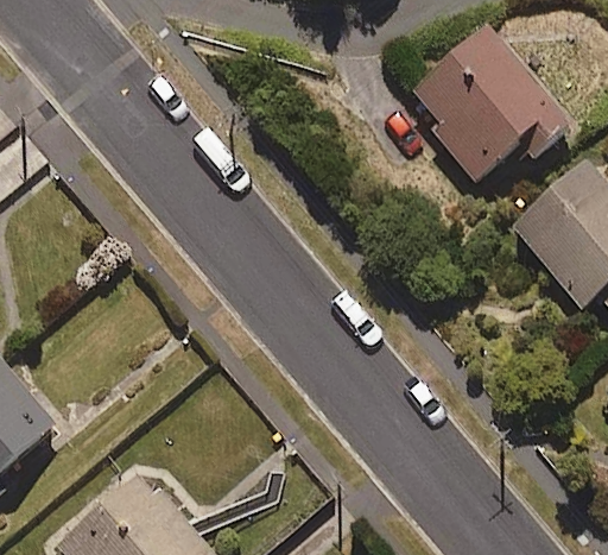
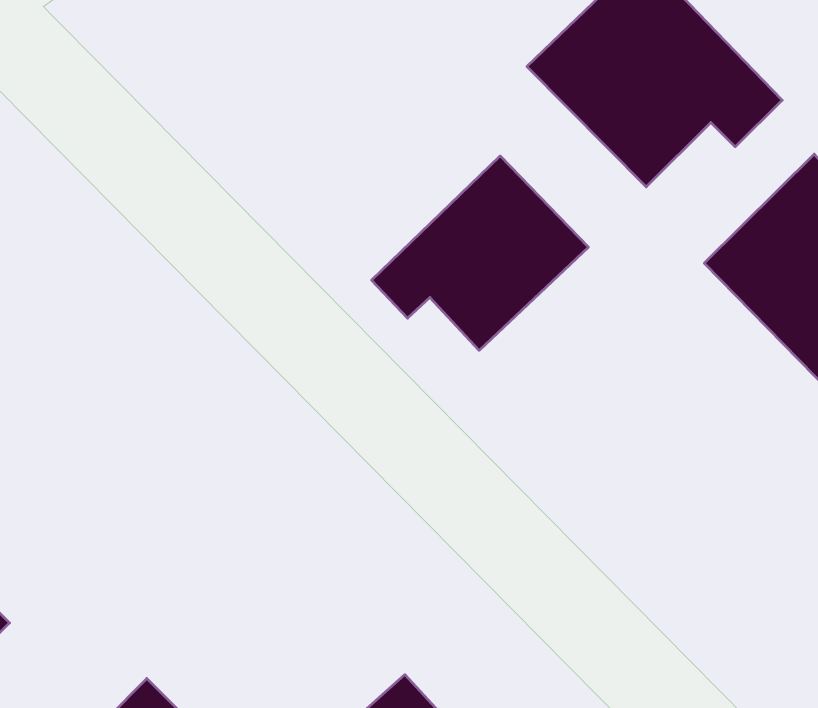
building: none -> [372,156,588,350]

